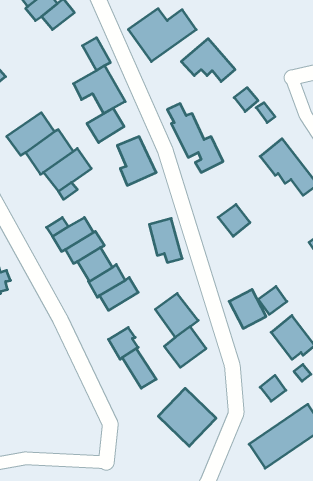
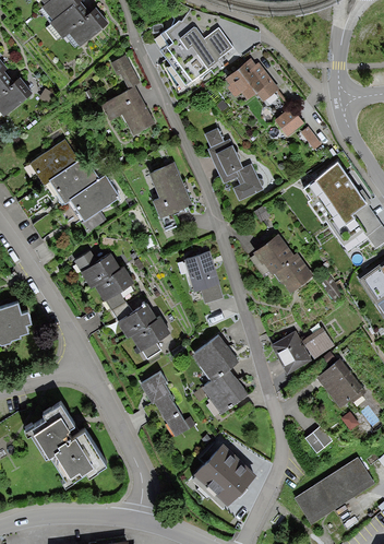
building: [87,108,124,143] -> none
building: none -> [277,256,314,292]
building: none -> [27,401,110,486]

